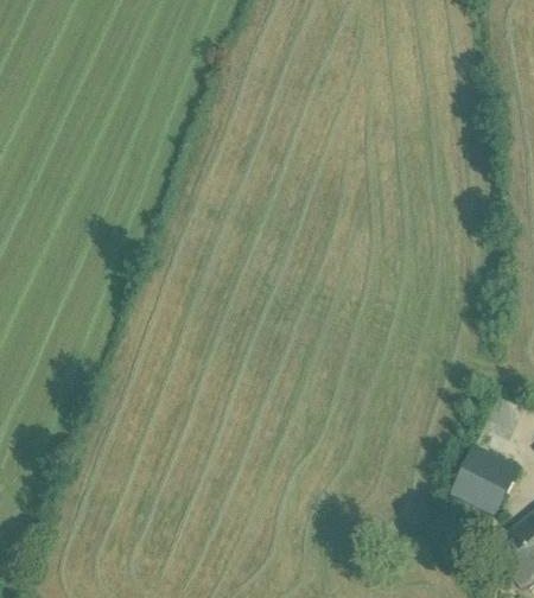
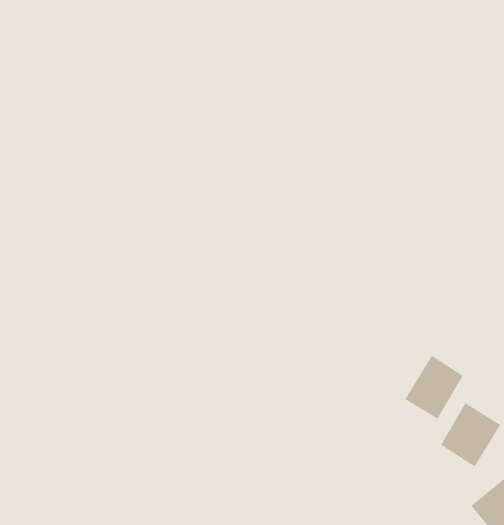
building: none -> [405,355,464,419]

